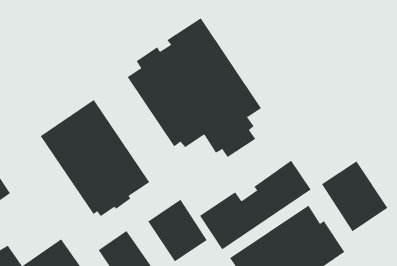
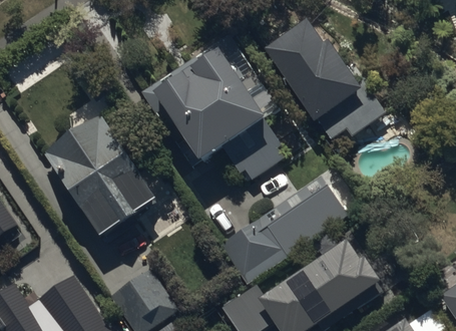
building: none -> [270,28,388,141]
building: [321,161,388,232] -> none
building: [147,199,208,262] -> none

